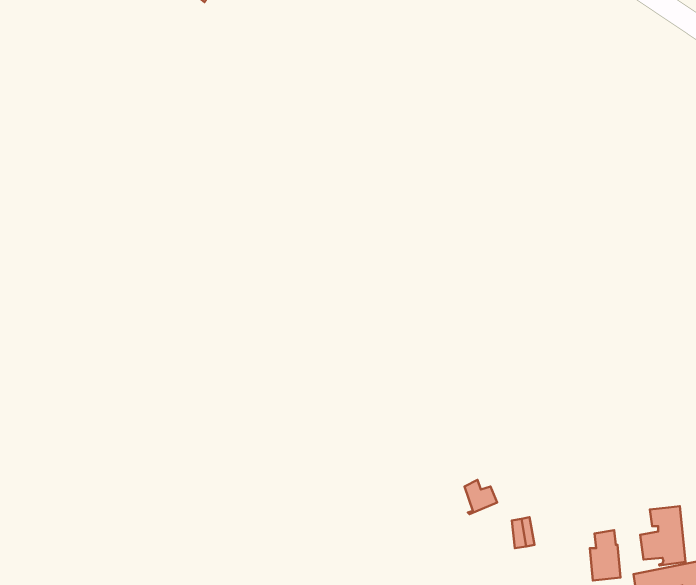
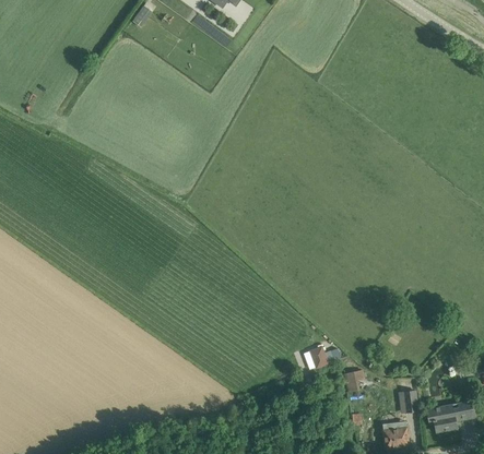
building: [640,506,685,566] -> none

